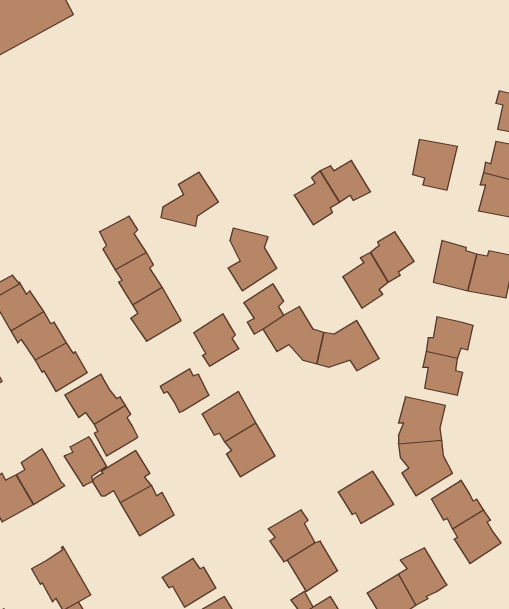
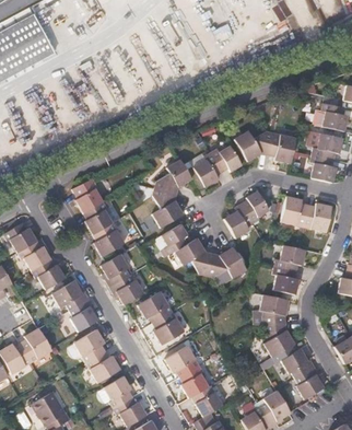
building: none -> [235,130,273,161]
building: [161,172,218,226] -> [156,160,192,194]
building: [194,314,239,366] -> [101,255,129,288]
building: [64,437,107,486] -> none
building: [338,471,394,523] -> [164,345,199,377]
building: none -> [103,375,131,408]

